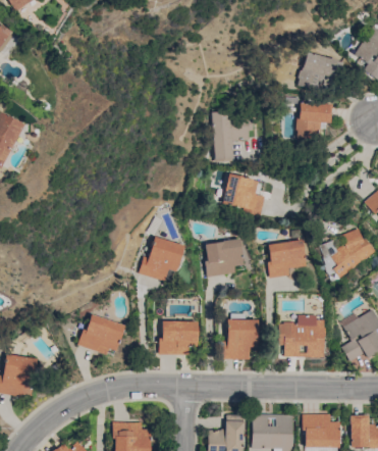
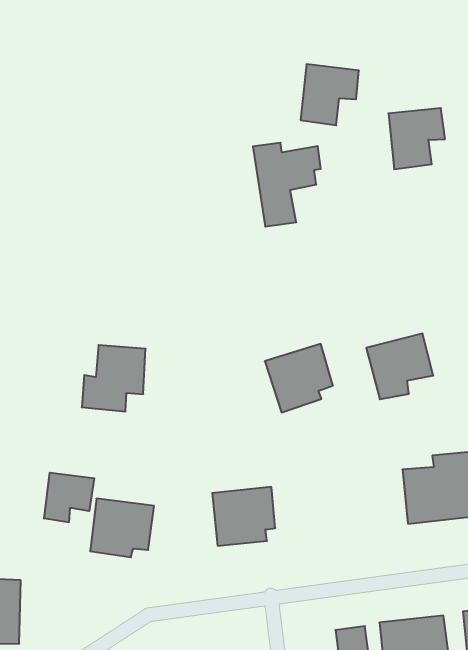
building: [300,51,339,91] -> [301,64,359,125]
building: [224,173,266,215] -> none
building: [140,237,183,280] -> [82,345,146,411]
building: none -> [44,473,94,522]
building: [223,318,258,359] -> none

